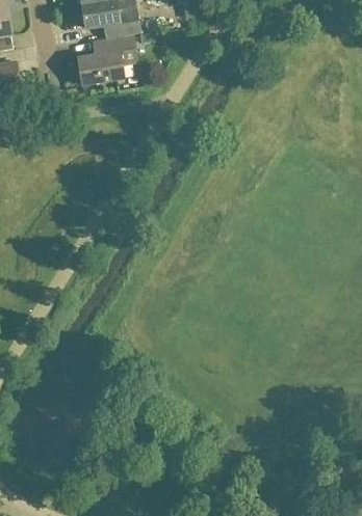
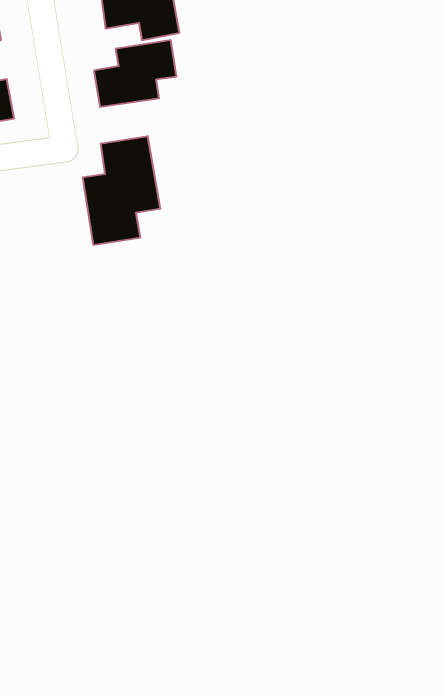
building: none -> [83,136,160,245]

